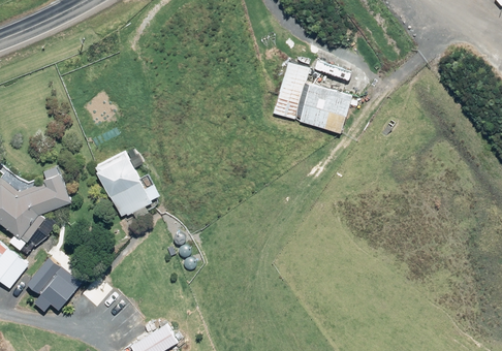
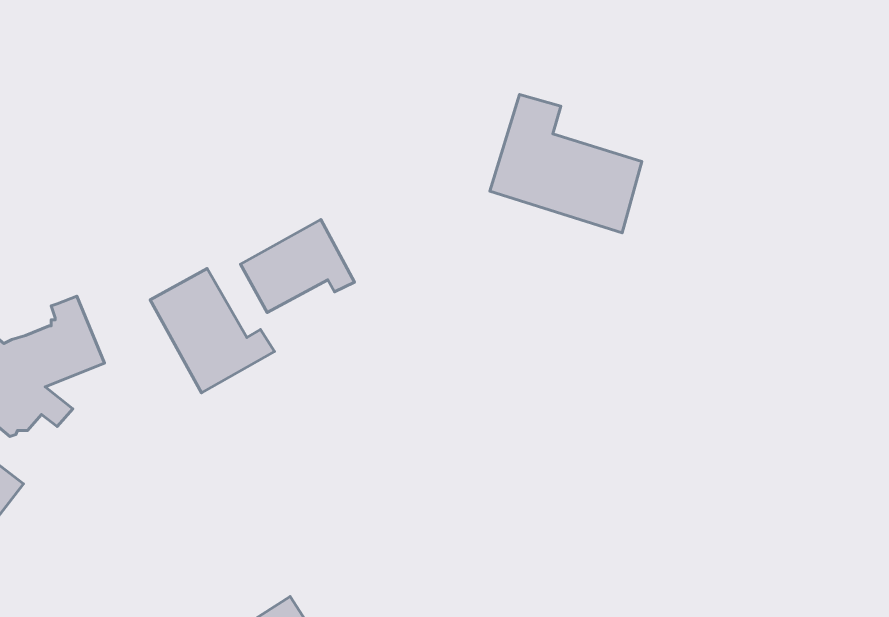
building: none -> [240,220,354,313]
building: [27,257,81,311] -> none

